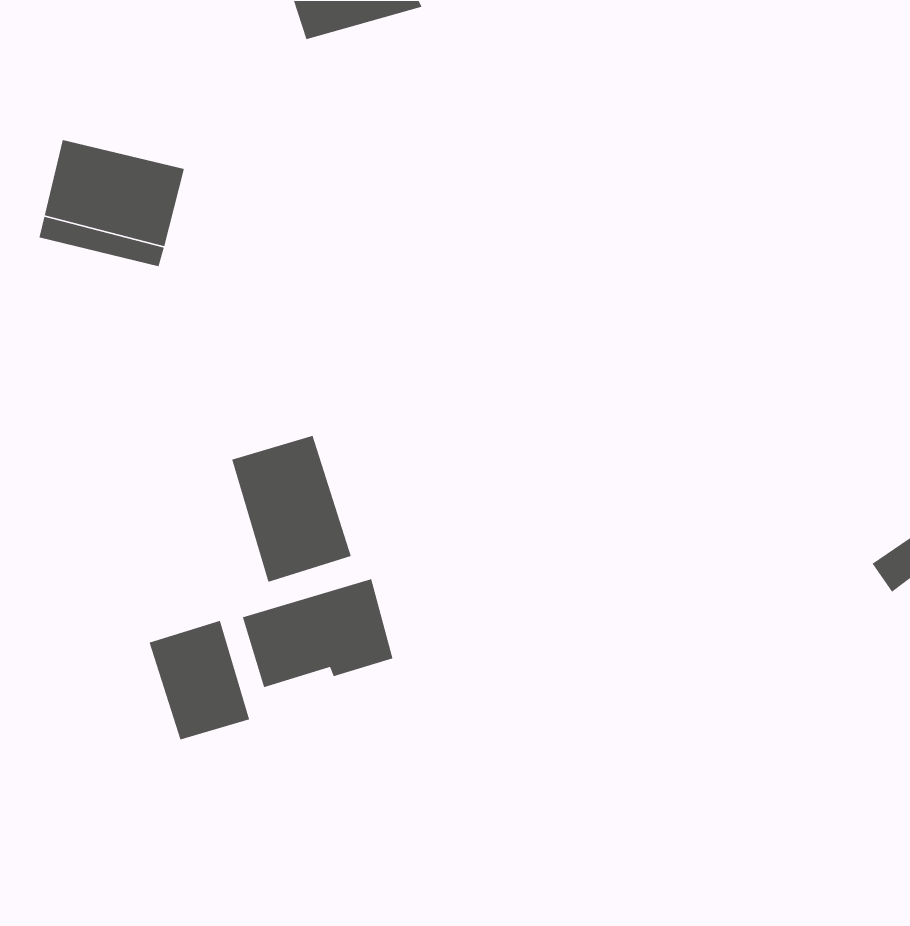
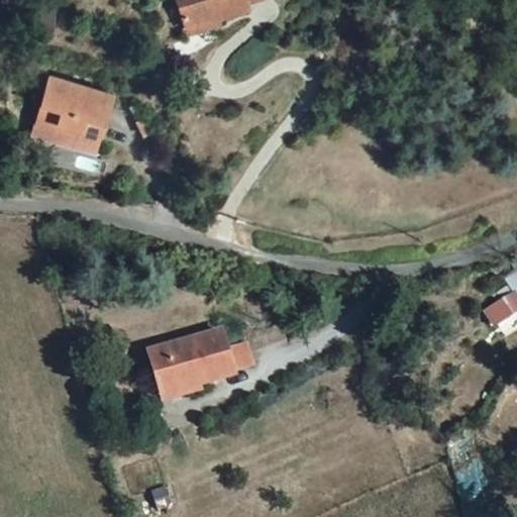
building: [231,435,352,583] -> none
building: [149,620,250,741] -> none

